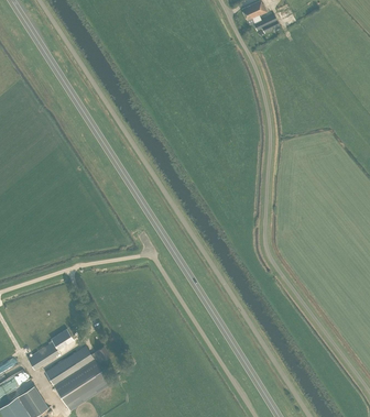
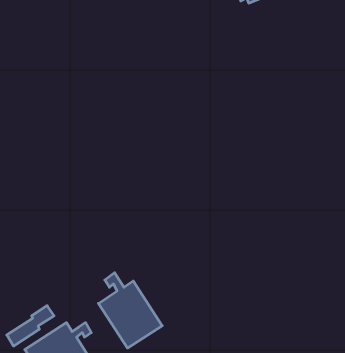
building: none -> [98,273,162,348]

